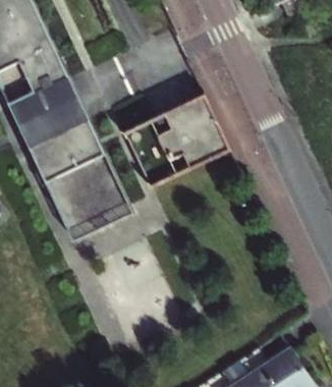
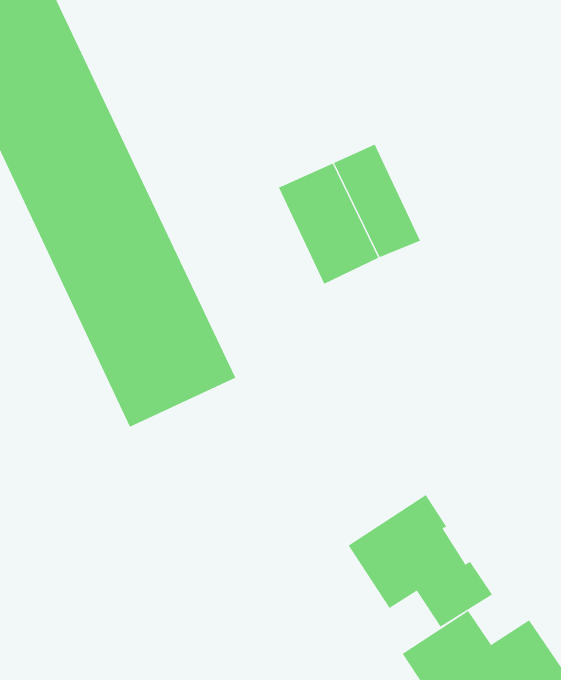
building: [127,117,179,182] -> none
building: none -> [348,494,493,628]

